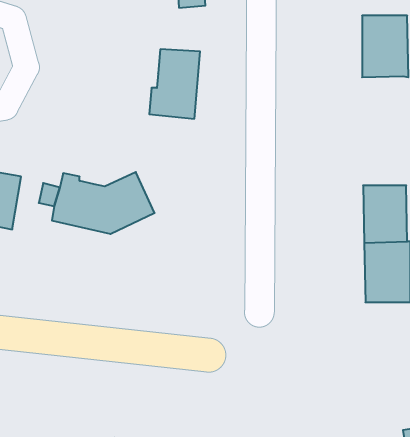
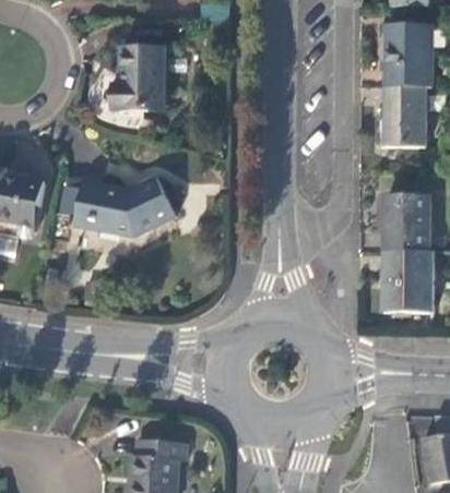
building: [149,49,200,119] -> [116,46,166,115]
building: none -> [382,84,423,143]

